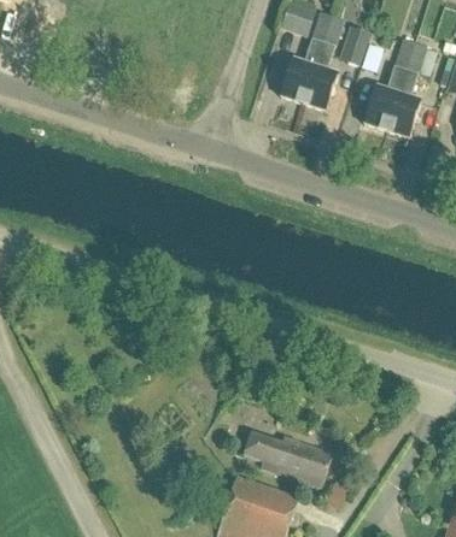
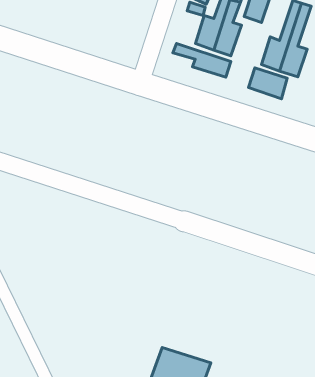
building: none -> [173,43,231,77]
building: none -> [248,68,287,99]
building: [246,431,332,485] -> none

